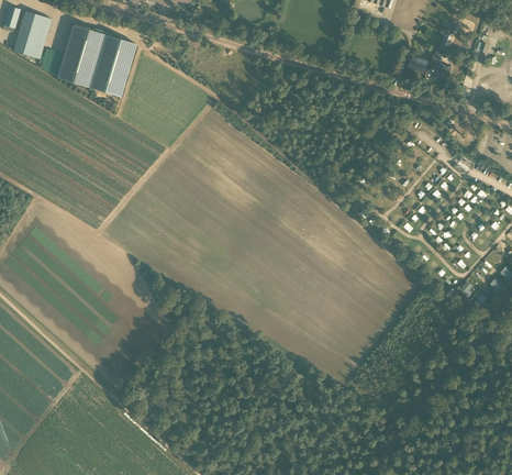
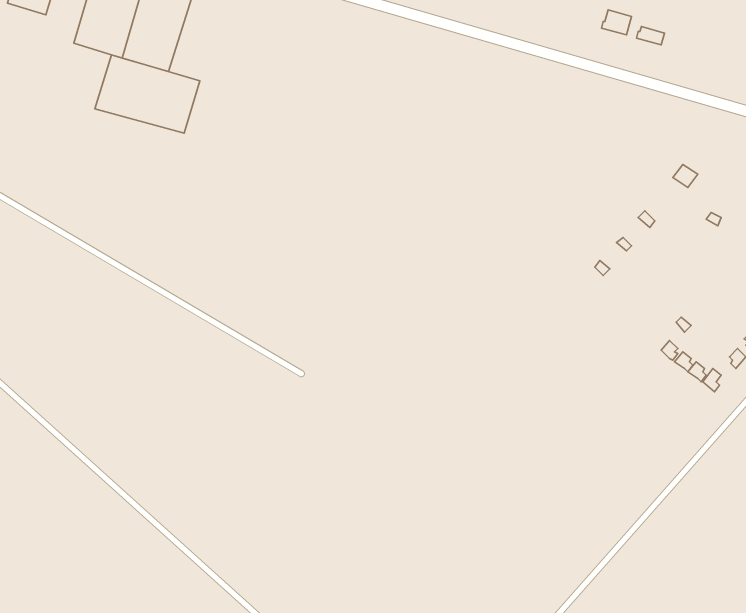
building: none -> [95,55,200,133]

